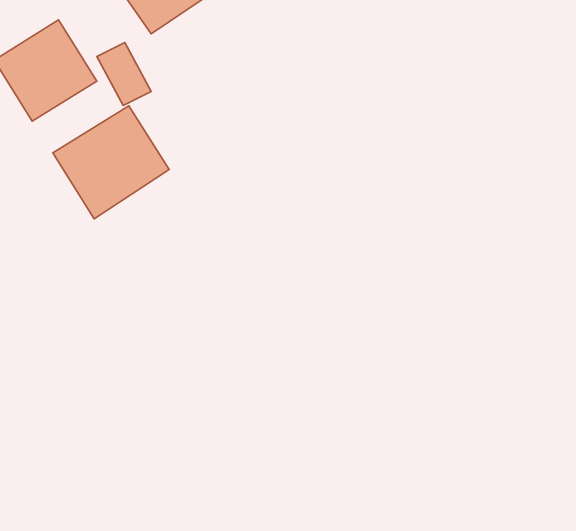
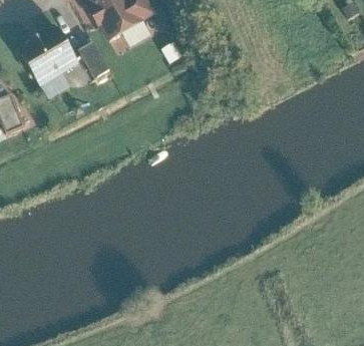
building: [53,106,169,219] -> none

